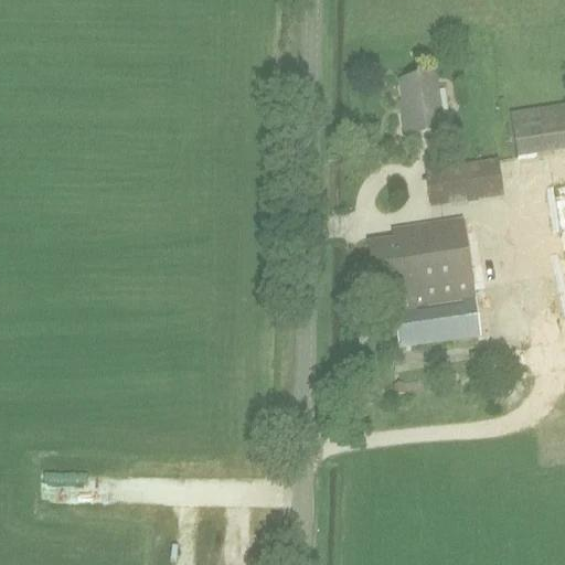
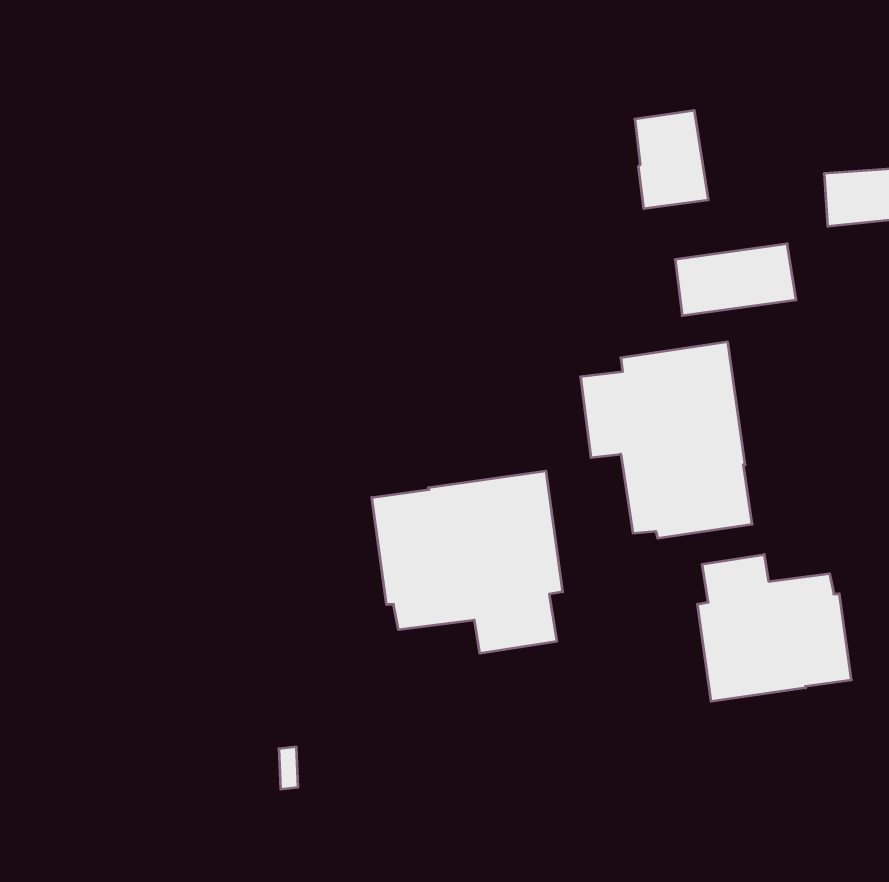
building: none -> [372,471,563,653]
building: none -> [698,554,851,701]

